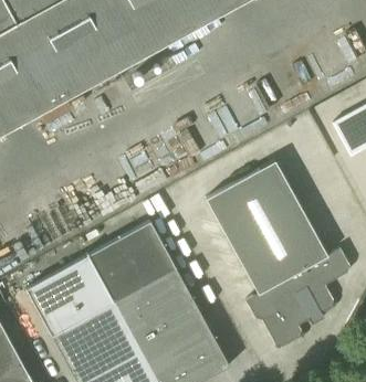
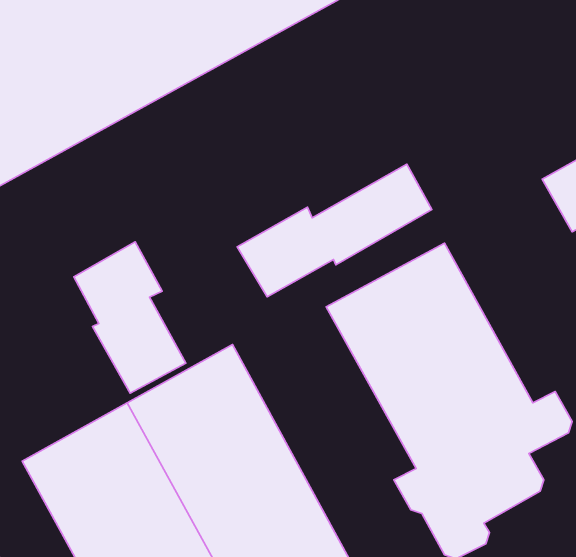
building: none -> [237,164,432,297]
building: none -> [74,242,186,393]

